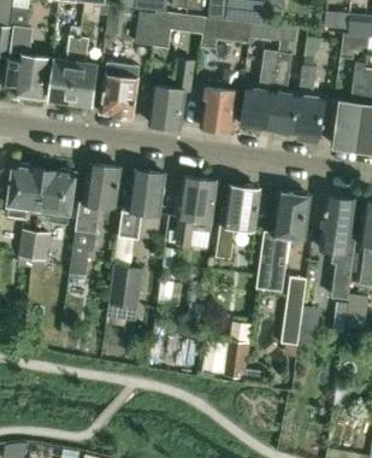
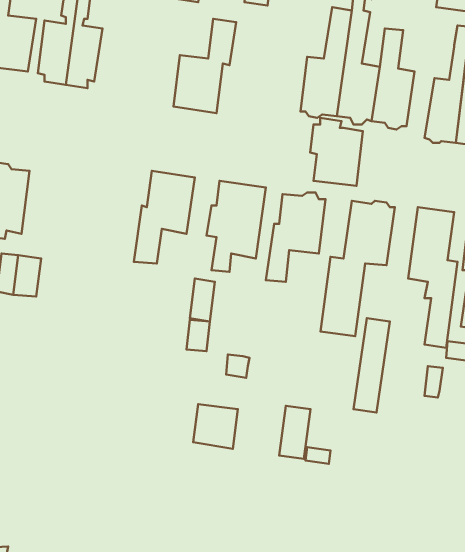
building: [100,63,140,121] -> none
building: [199,82,237,131] -> [310,118,363,186]
building: [70,164,120,276] -> none
building: [39,170,75,224] -> none
building: [108,266,143,309] -> none

